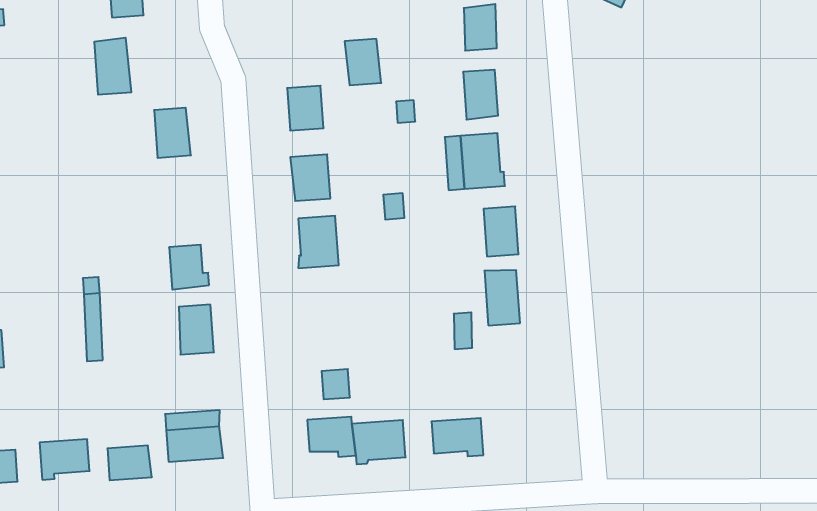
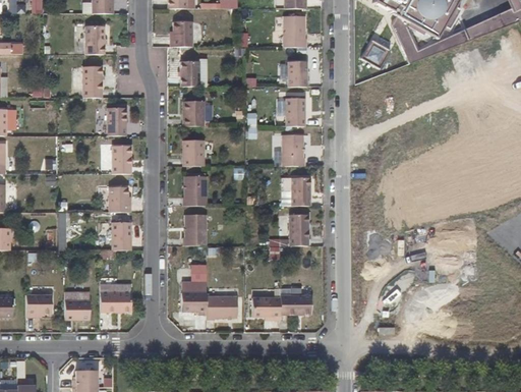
building: [345,39,381,85] -> [181,61,200,87]
building: none -> [112,146,131,173]
building: none -> [184,216,208,245]
building: none -> [282,296,310,315]

